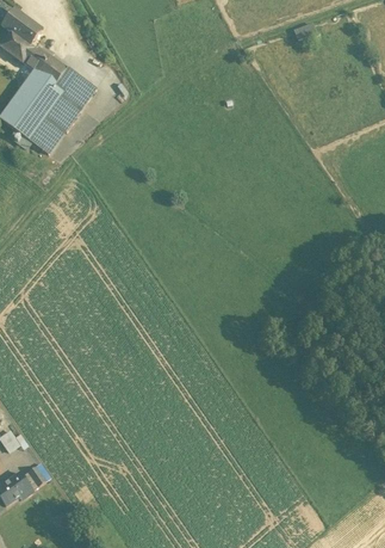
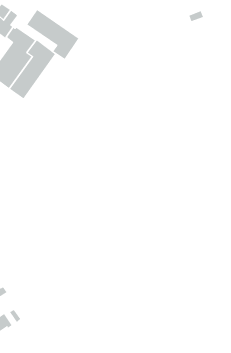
building: none -> [26,9,79,60]

